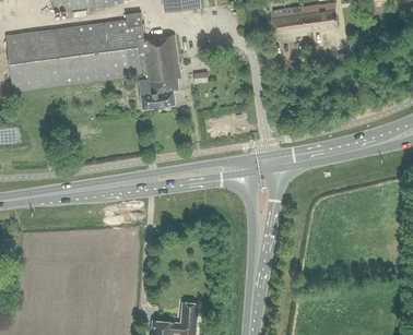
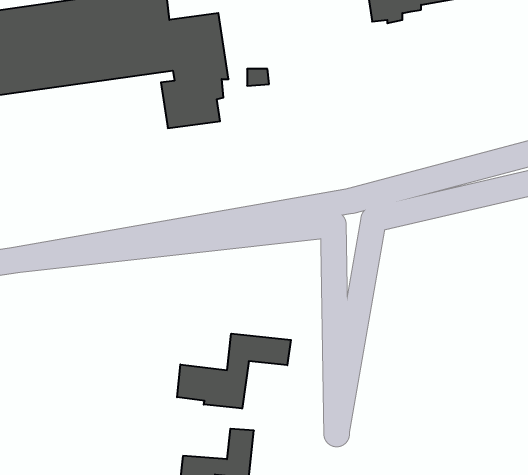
building: none -> [177,334,291,409]

